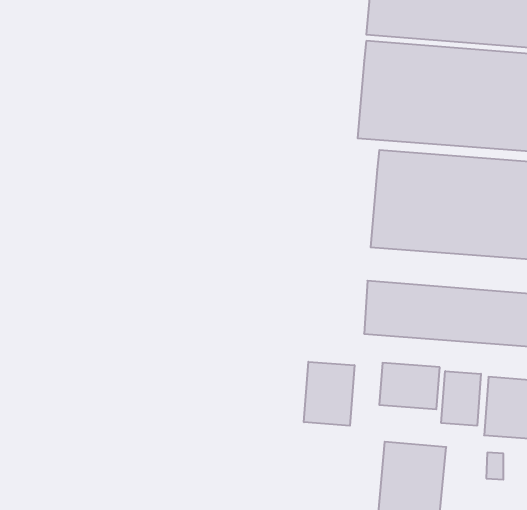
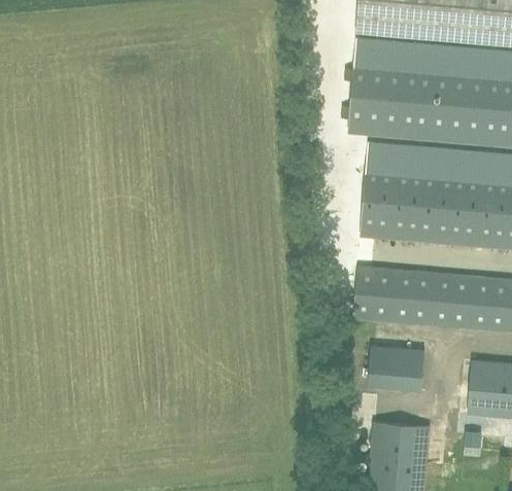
building: [304,362,354,426] -> none
building: [441,371,481,426] -> none

